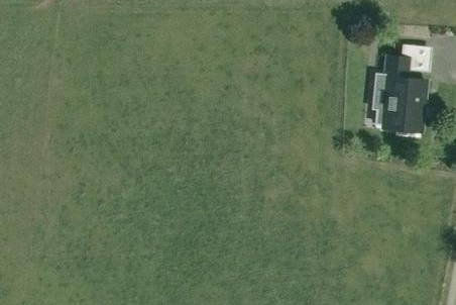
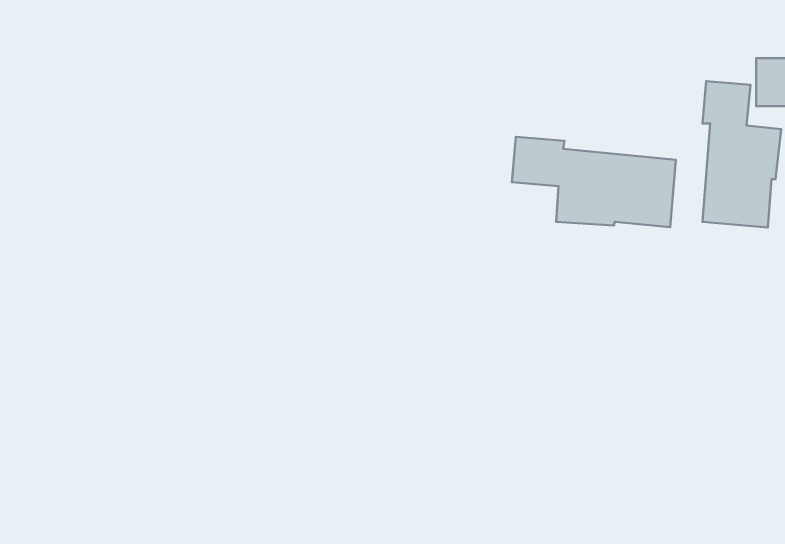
building: none -> [512,137,676,227]

